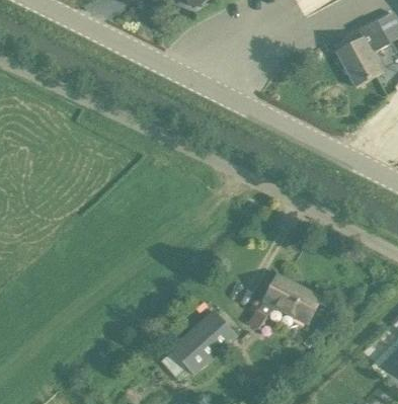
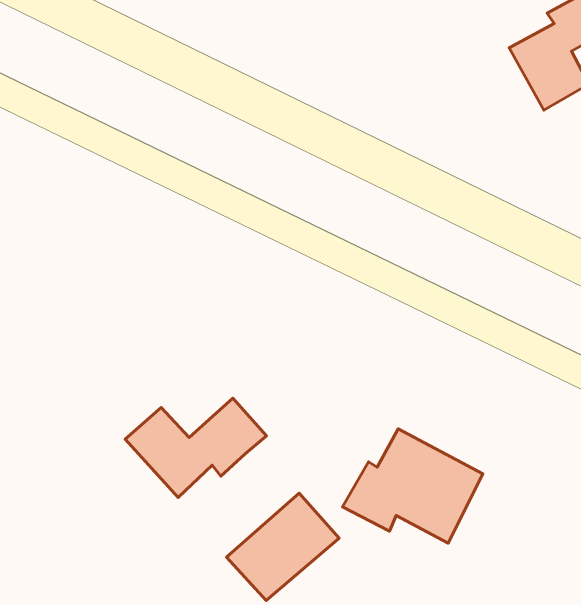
building: none -> [125,398,266,498]

